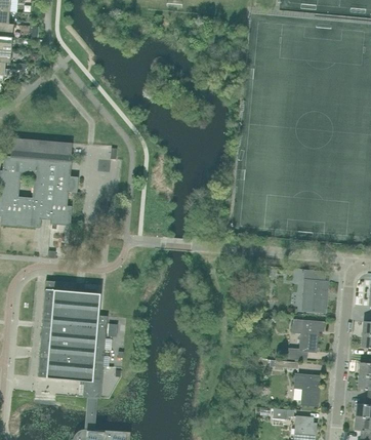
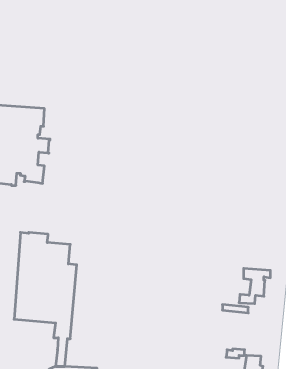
building: [302,269,327,312] -> none
building: [293,374,319,405] -> none

